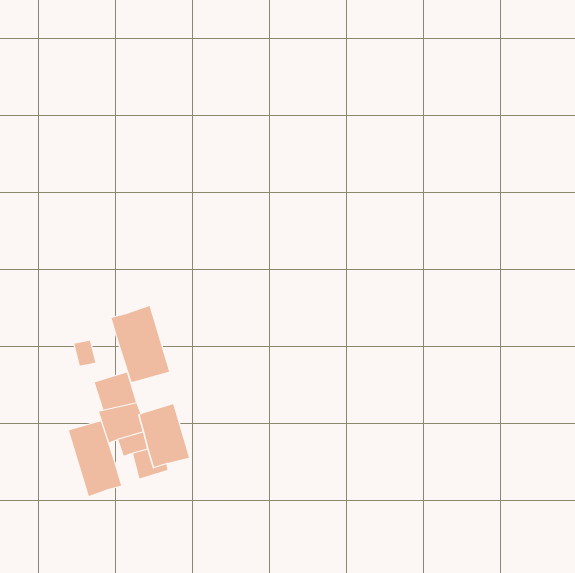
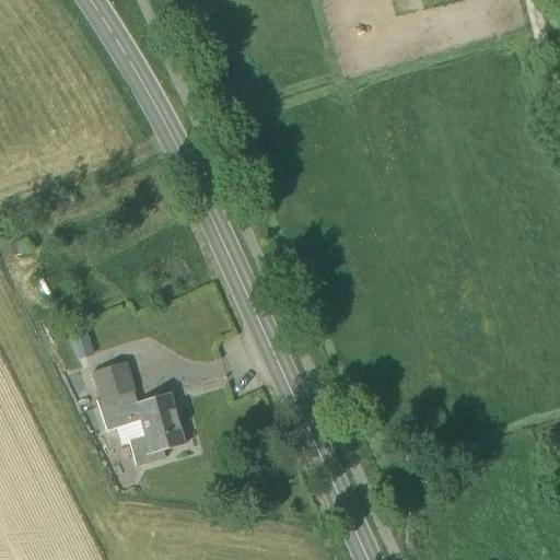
building: [111,305,170,383] -> none
building: [68,421,122,497] -> none

